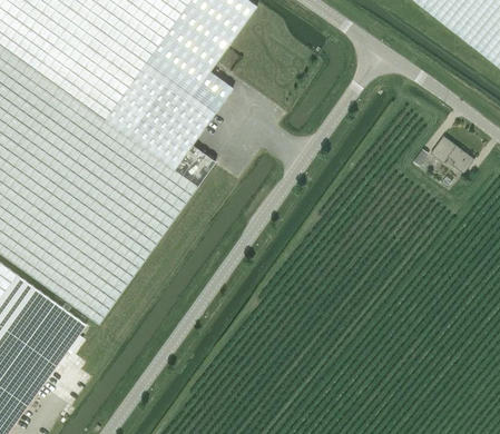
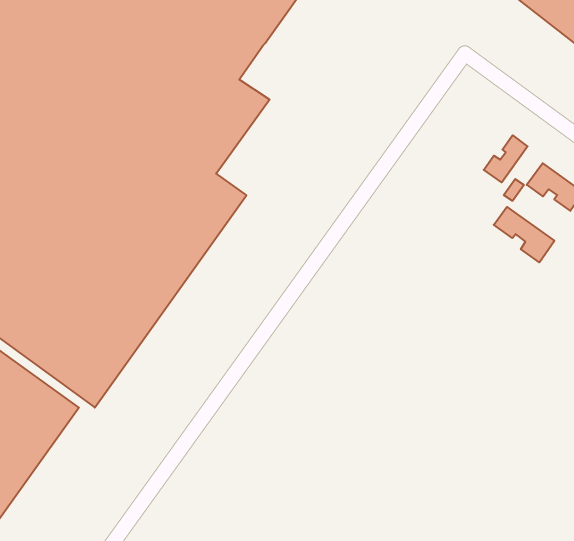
building: none -> [484,135,528,182]
building: none -> [494,207,554,262]

